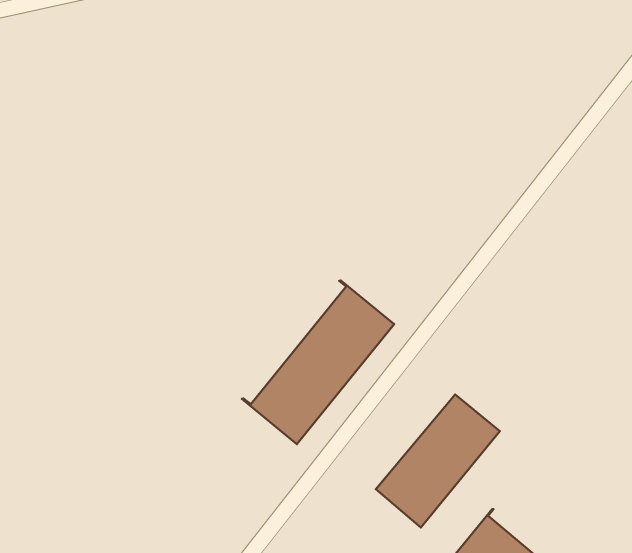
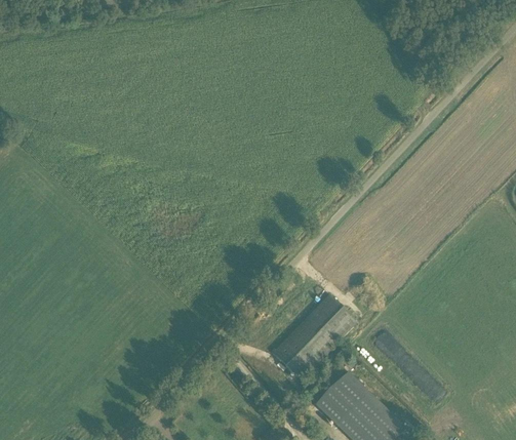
building: [242,280,394,444] -> none

